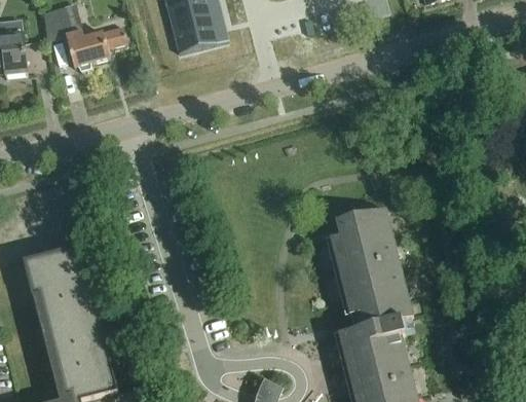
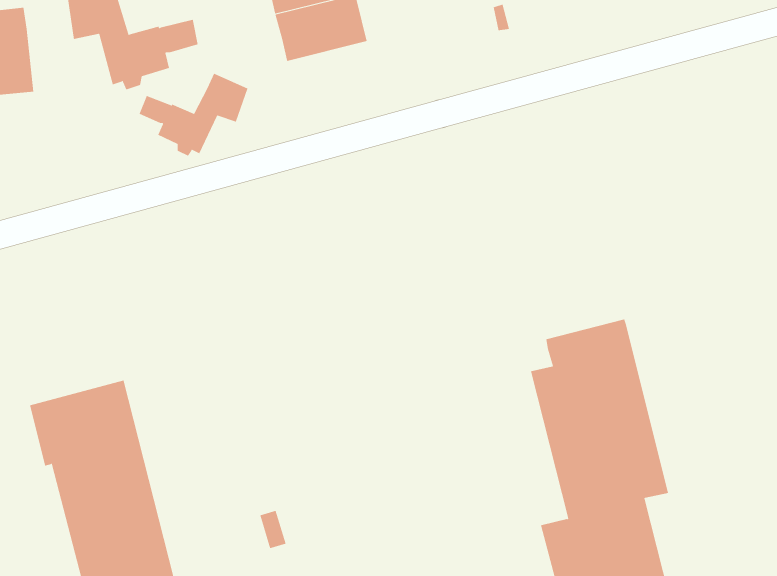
building: none -> [139,73,248,157]

